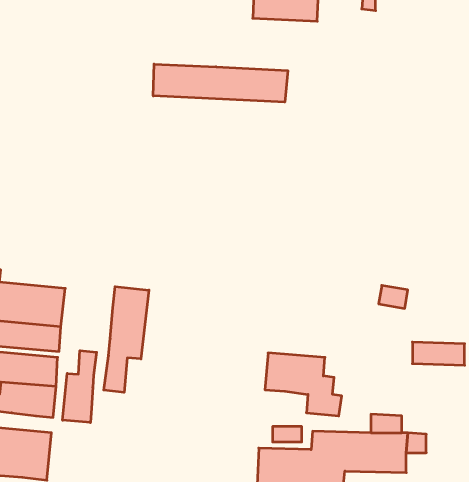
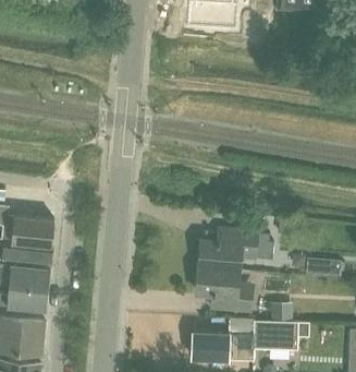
building: [153,64,288,102] -> none
building: [104,287,149,392] -> none
building: none -> [198,229,273,268]
building: [63,351,97,423] -> none

